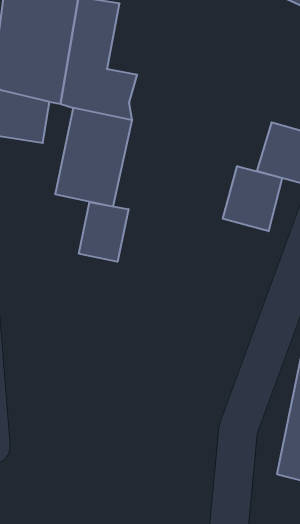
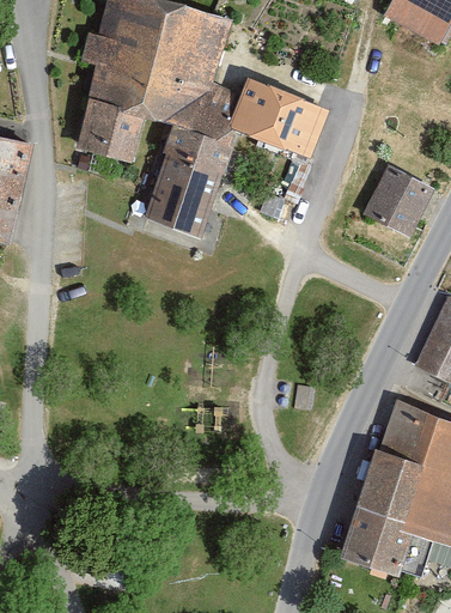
building: none -> [230,79,329,158]
building: [223,166,282,231] -> none
building: [79,202,129,262] -> none

